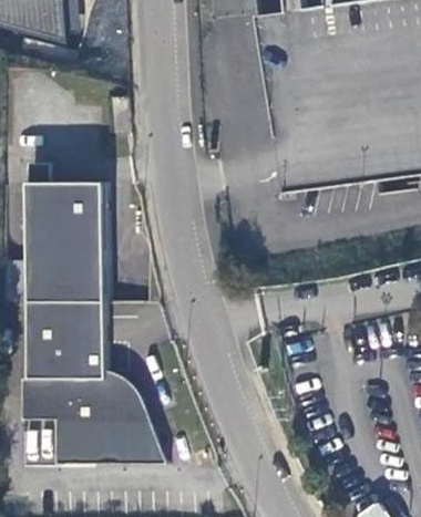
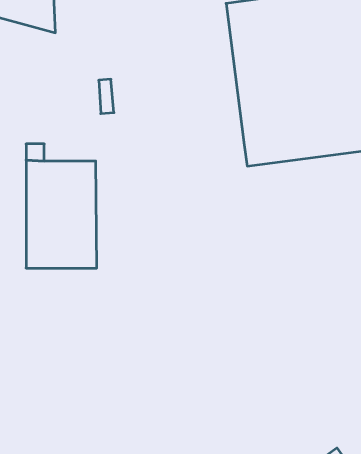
building: [23,300,167,464] -> none

